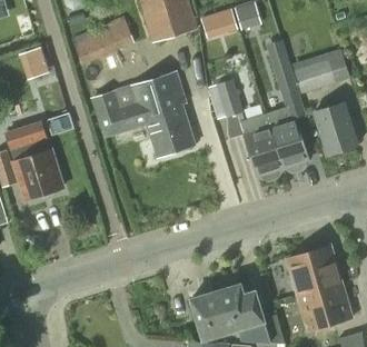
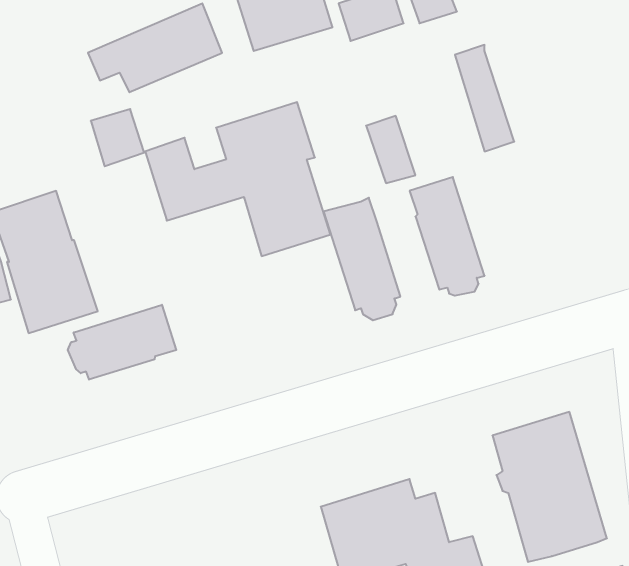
building: [23,44,53,77] -> [91,109,144,166]
building: [292,49,350,93] -> none
building: [314,102,358,157] -> none
building: [265,106,308,175] -> [323,198,400,320]
building: none -> [68,305,176,380]

